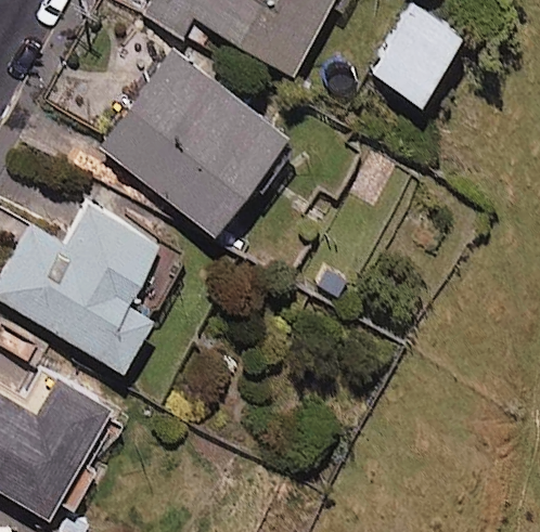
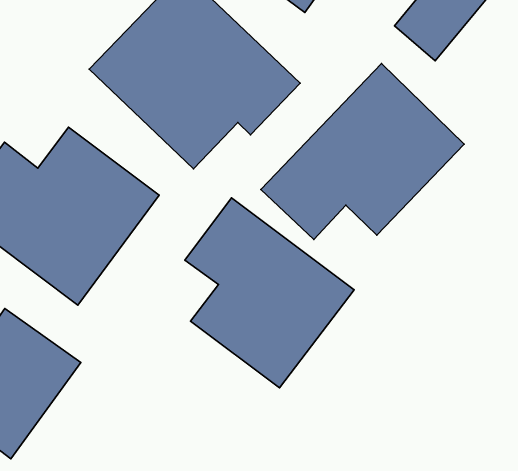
building: none -> [261,63,464,240]
building: none -> [185,198,354,388]

